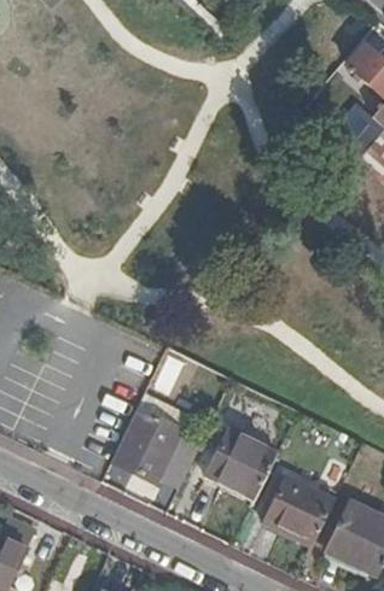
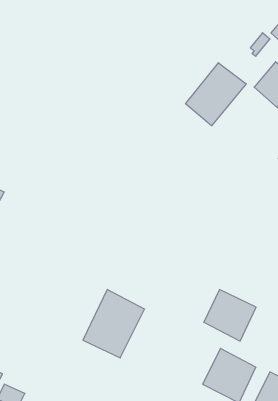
building: none -> [186,63,246,126]
building: [205,431,273,497] -> [204,290,256,341]

